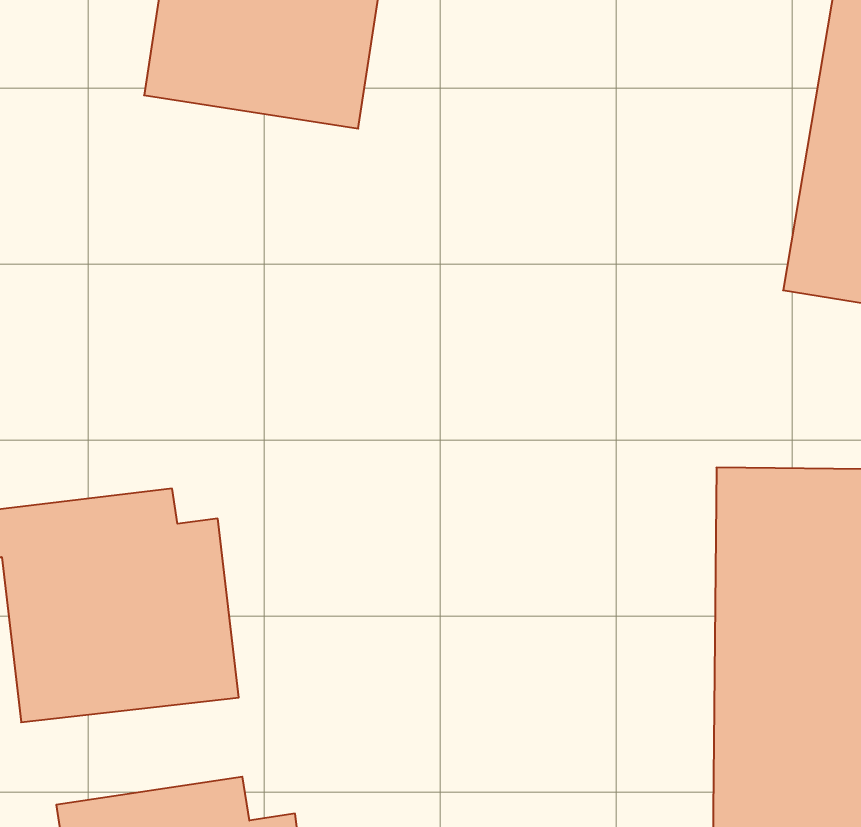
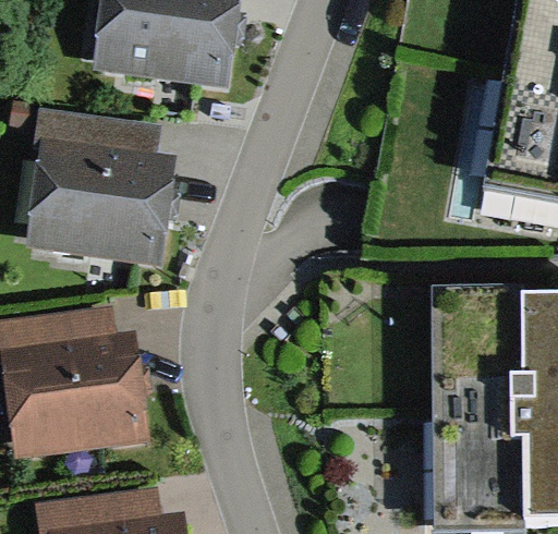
building: none -> [27,108,181,267]

